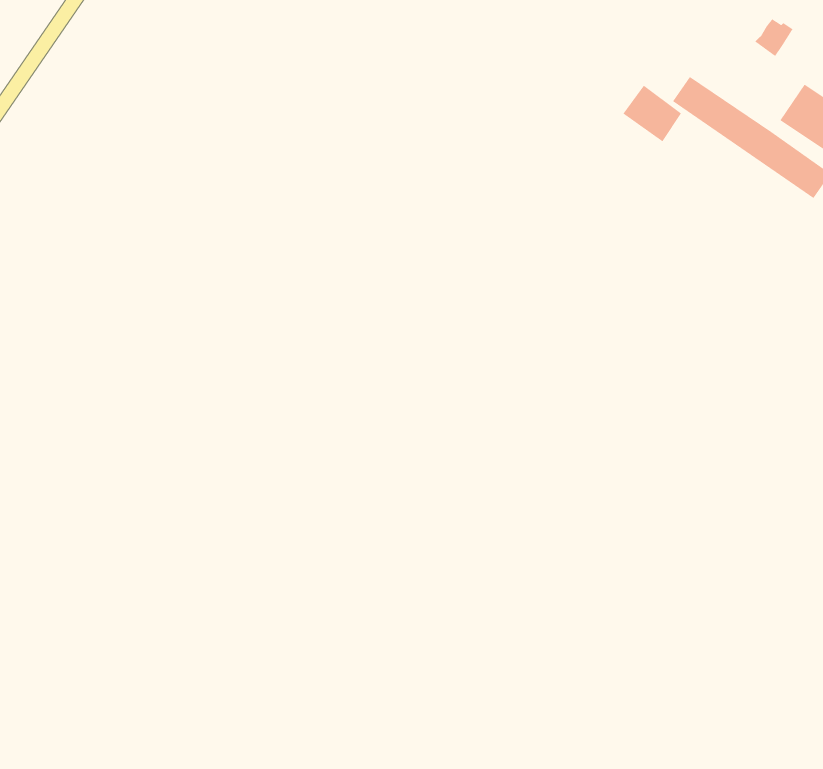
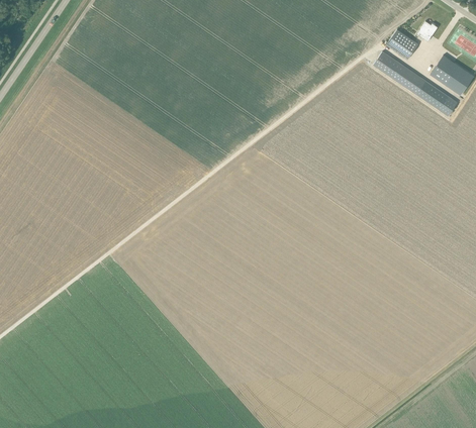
building: [623,85,682,142] -> [387,29,418,60]

